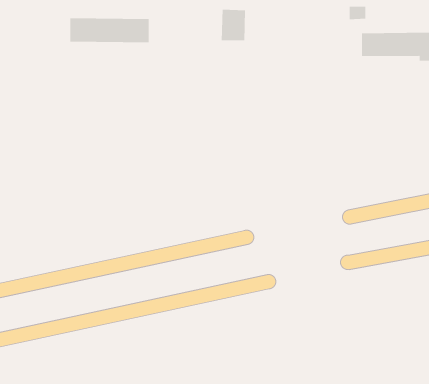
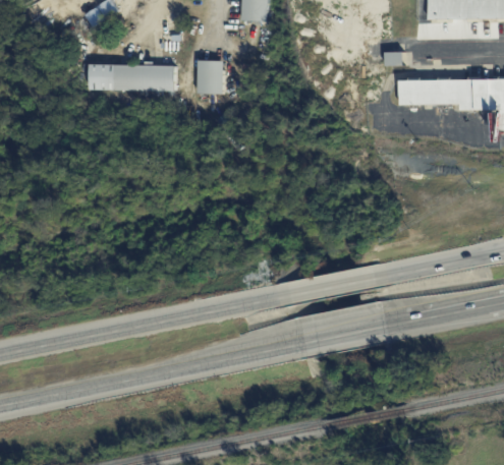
building: [221,9,246,41] -> [198,60,224,94]

